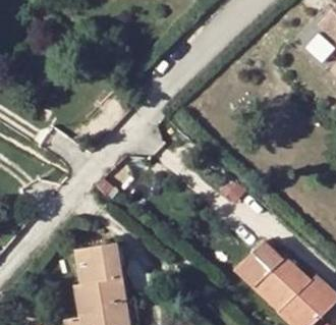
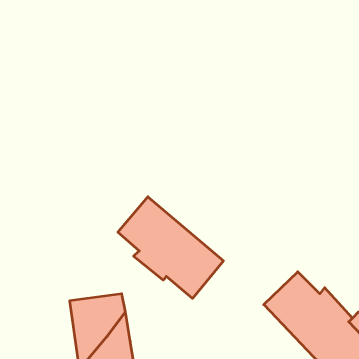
building: none -> [118,197,223,298]

